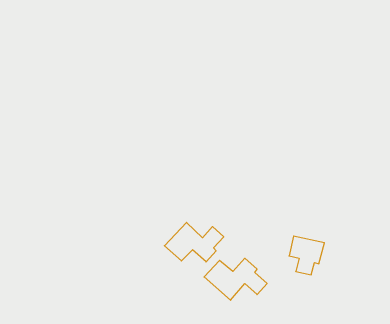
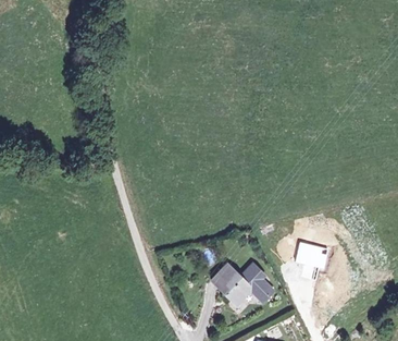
building: [164,222,224,262] -> none

